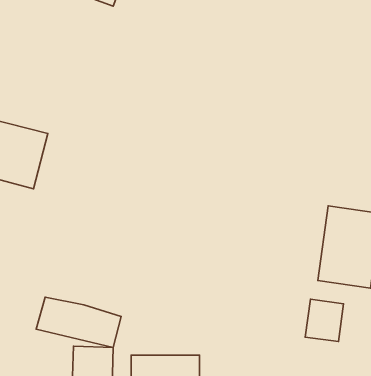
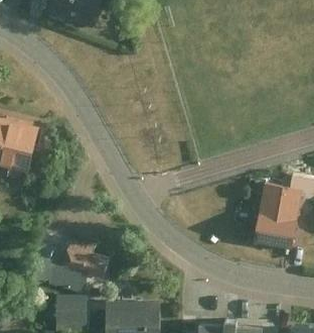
building: none -> [68,239,111,272]
building: [305,299,344,342] -> none

